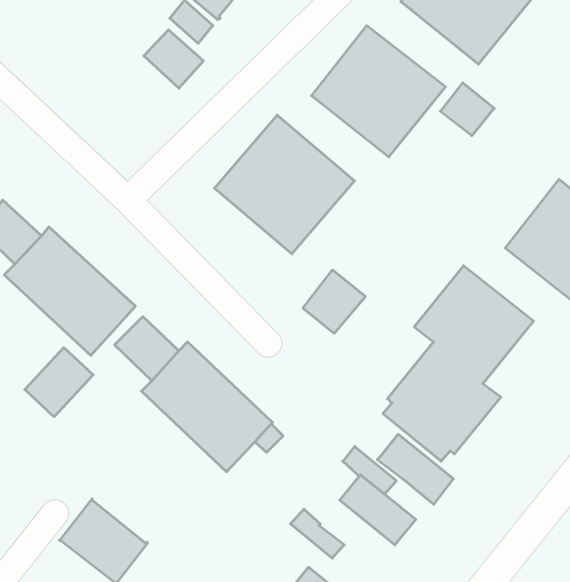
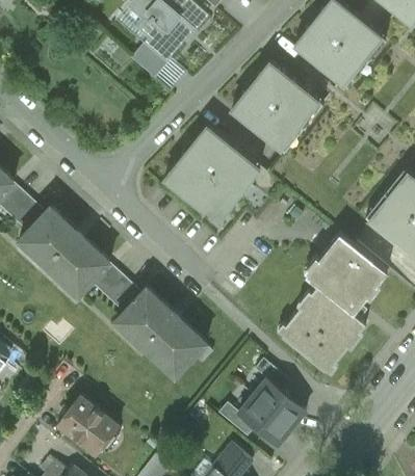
building: [144,30,203,88] -> none
building: [440,83,494,136] -> none
building: [303,270,365,333] -> none
building: [25,348,93,417] -> none
building: [377,434,453,504] -> [237,396,290,445]

